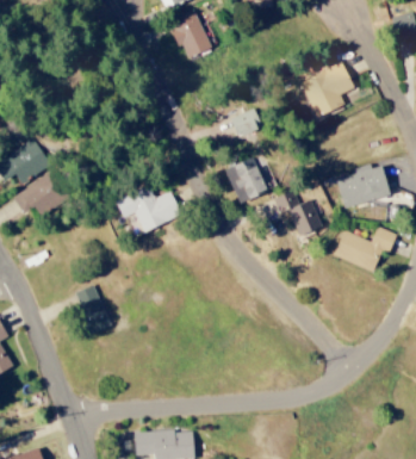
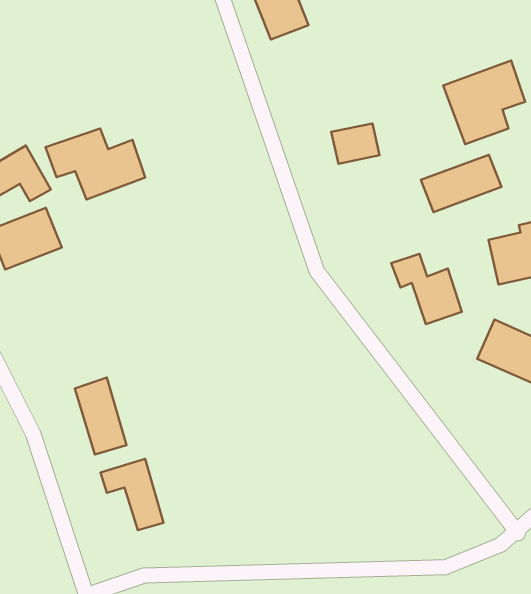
building: none -> [421,155,501,212]
building: [225,156,272,203] -> none
building: [114,186,180,232] -> [45,128,145,200]
building: none -> [100,459,164,530]

